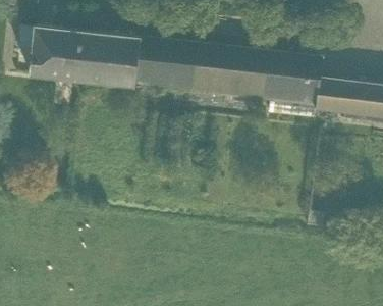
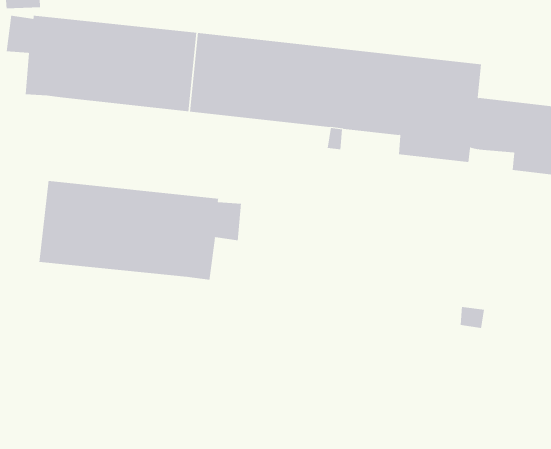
building: none -> [39,180,241,281]

